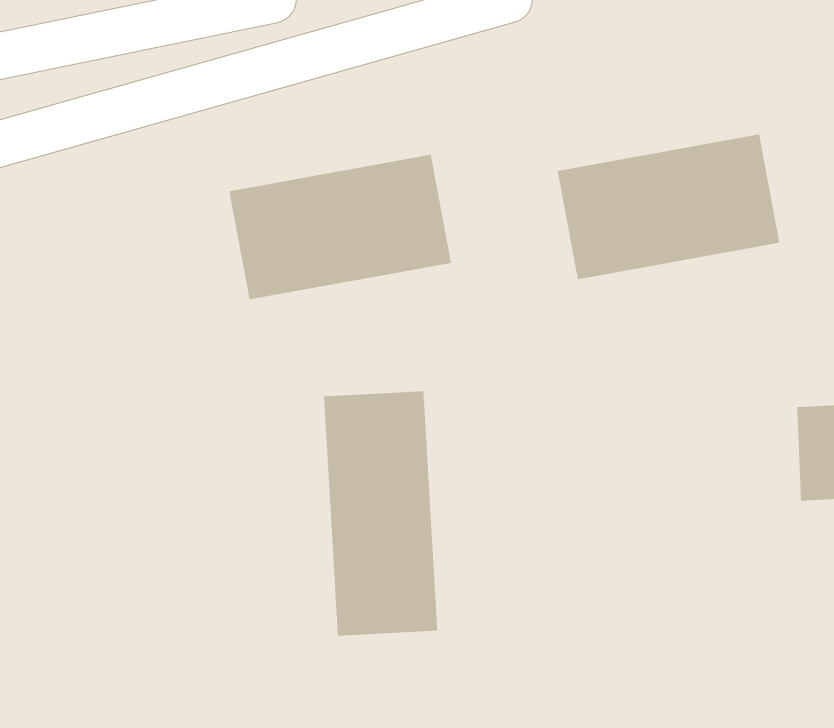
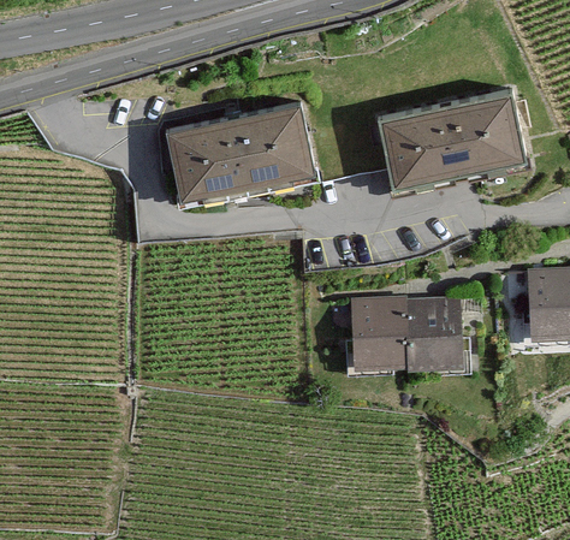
building: [324,391,438,636] -> none
building: none -> [357,297,464,362]

